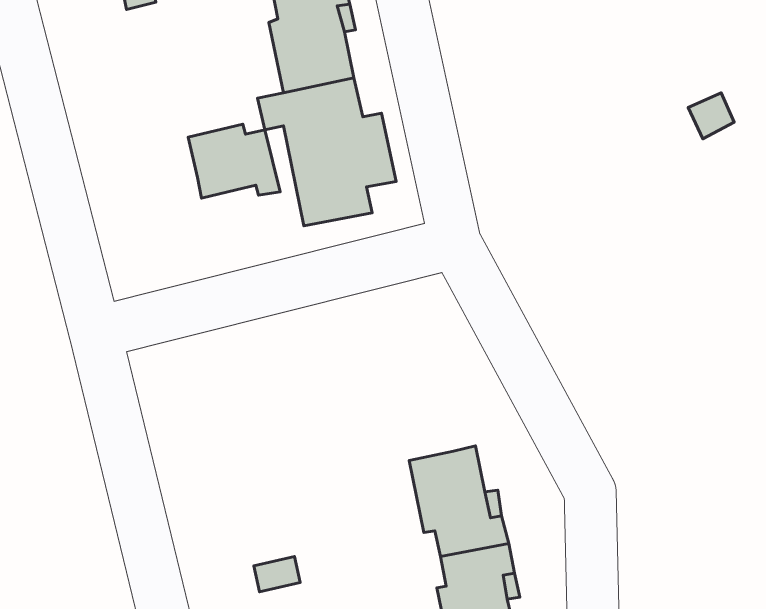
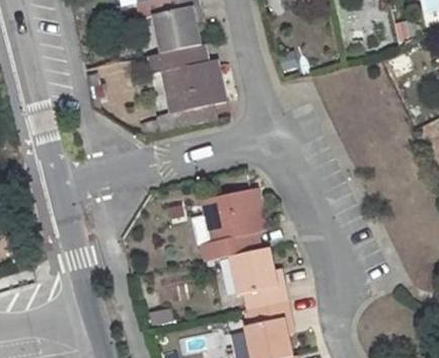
building: [188,124,280,198] -> none
building: none -> [200,188,262,259]

